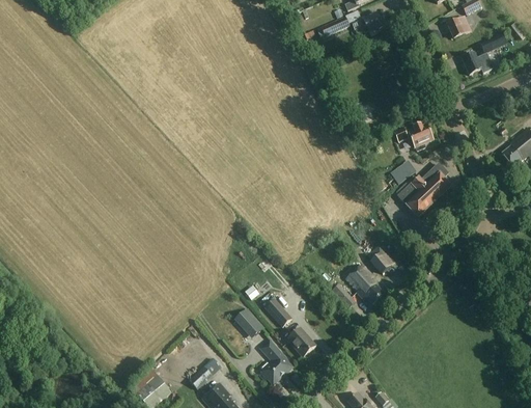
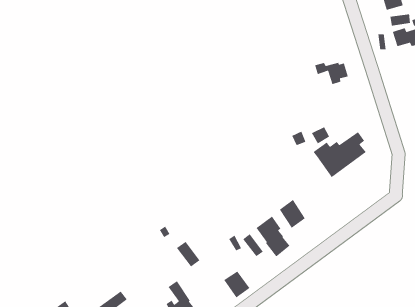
building: [394,126,431,151] -> [314,62,349,85]
building: [235,307,264,337] -> none
building: [286,329,315,358] -> [223,271,250,299]

